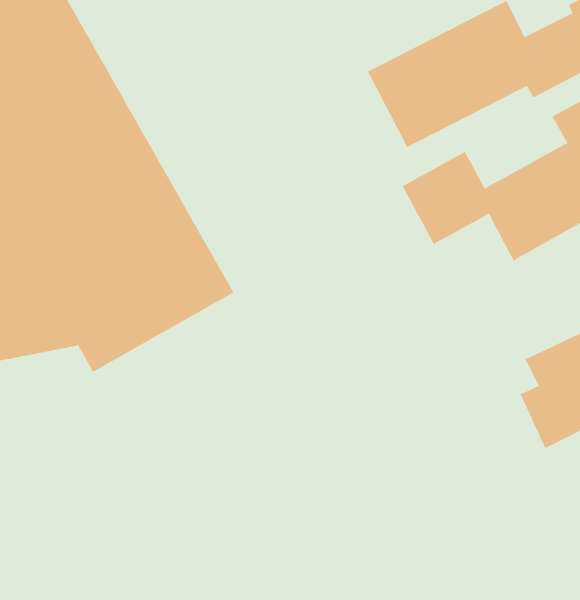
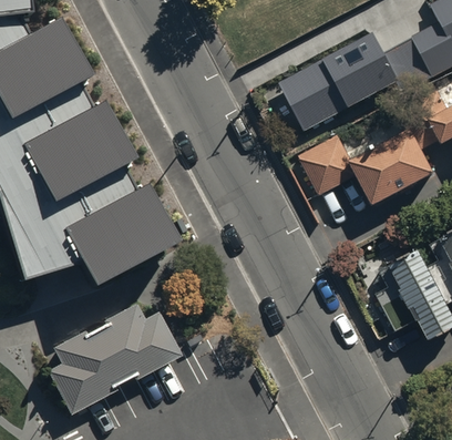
building: none -> [50,307,185,417]

